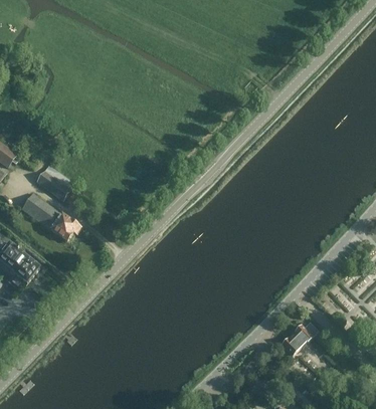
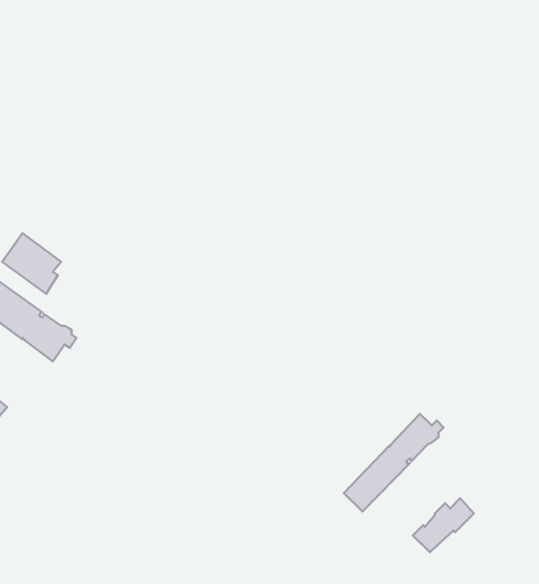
building: none -> [344,414,443,512]

